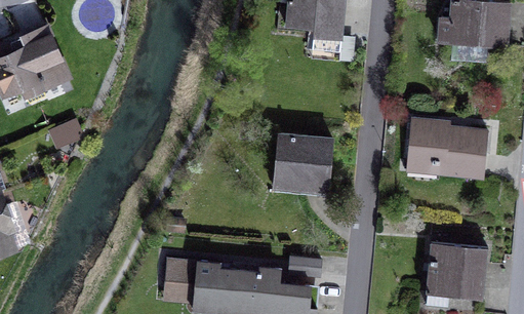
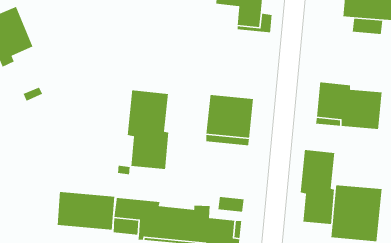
building: none -> [127,90,169,170]
building: none -> [300,149,335,225]
building: none -> [57,191,115,231]

